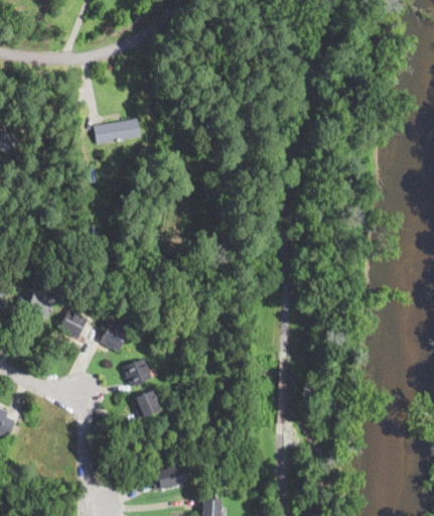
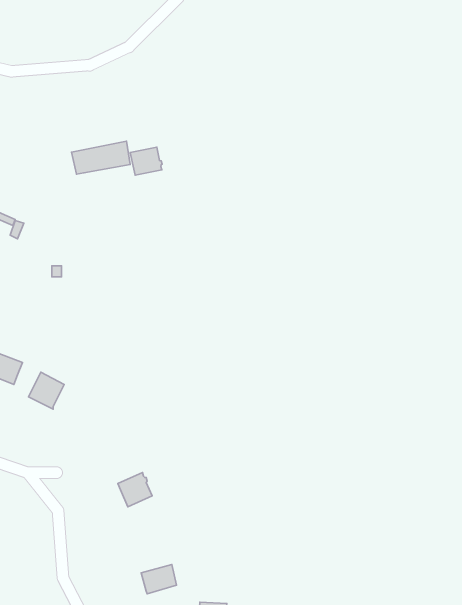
building: none -> [130,147,162,175]
building: [100,321,129,352] -> none
building: [124,359,152,386] -> none

